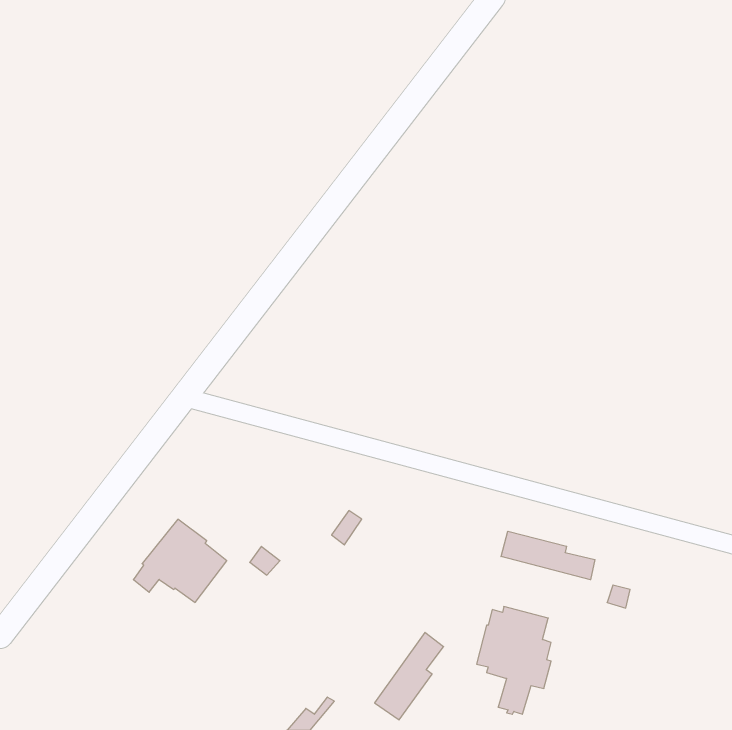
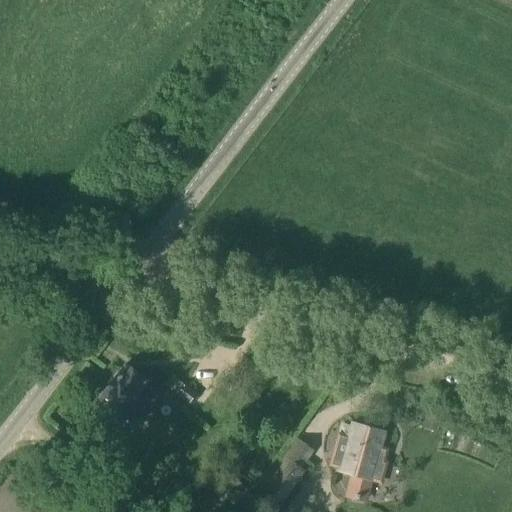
building: [501,531,595,580] -> none

